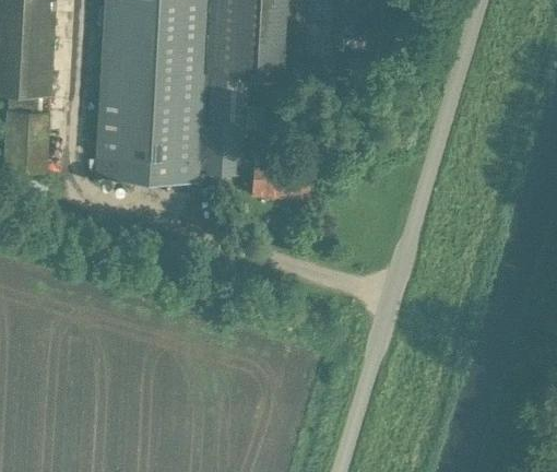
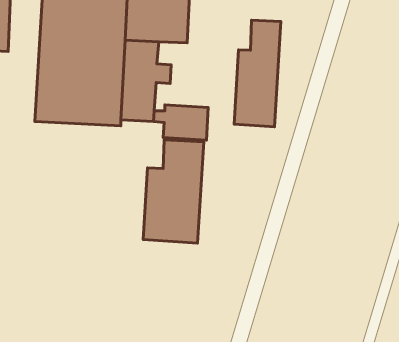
building: none -> [234,20,281,127]
building: none -> [143,140,204,243]

